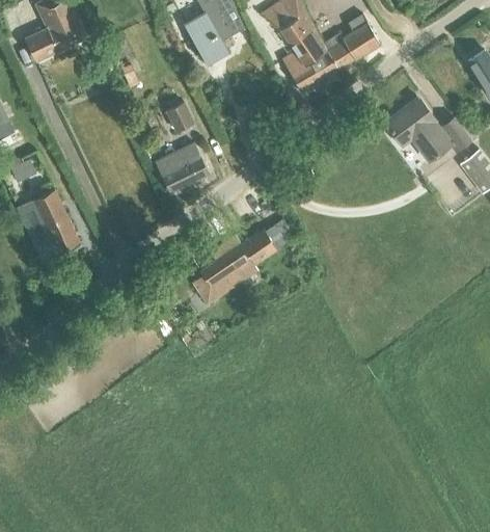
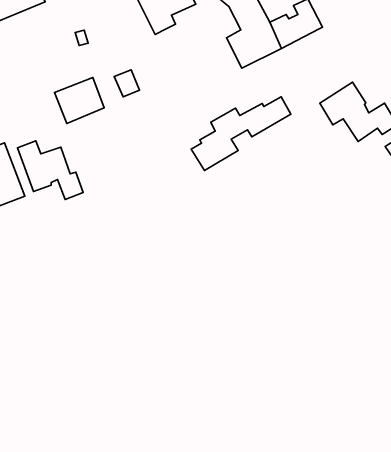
building: [155,143,209,194] -> [55,78,104,124]
building: none -> [18,141,83,200]
building: [191,220,294,304] -> [191,97,291,171]

